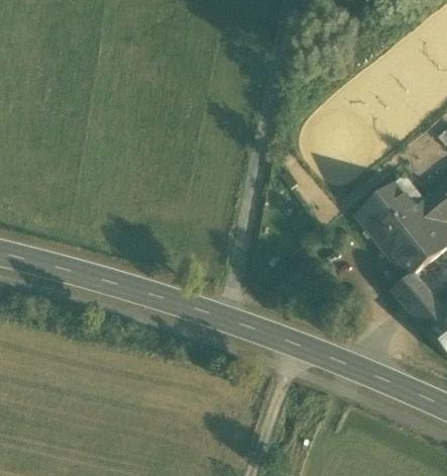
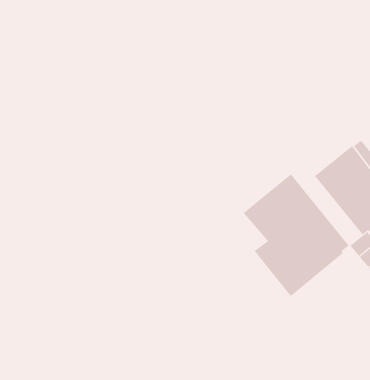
building: none -> [243,173,349,297]

